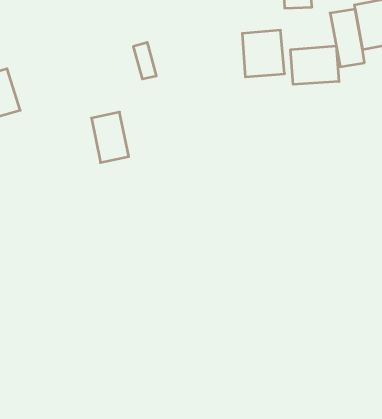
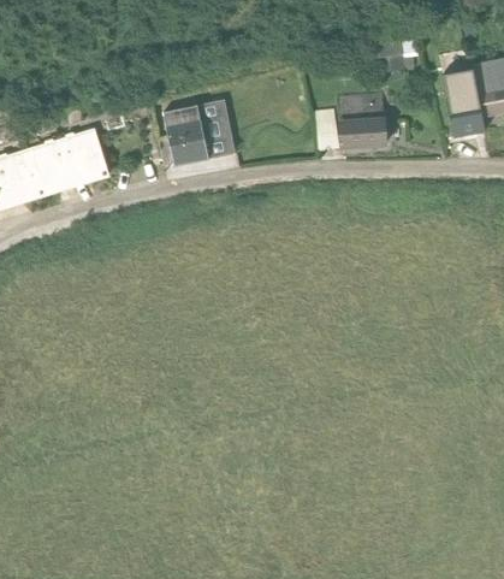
building: [291,46,339,84] -> none
building: none -> [57,129,107,189]
building: [91,112,129,163] -> [162,105,207,165]

